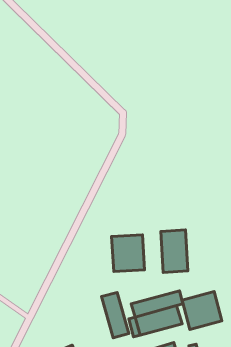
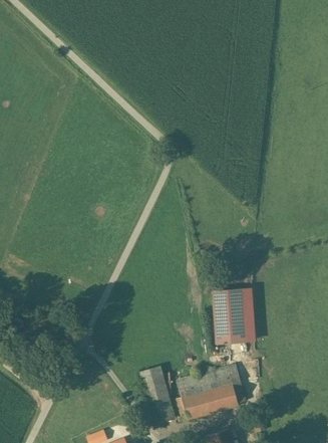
building: [112,235,144,272] -> none
building: [182,292,222,329] -> none

